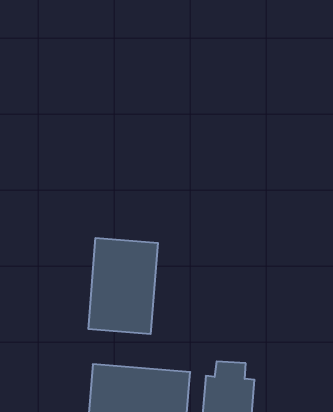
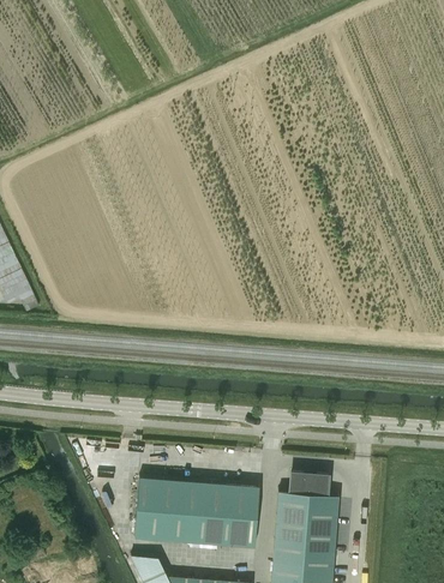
building: [88,238,158,334] -> none

